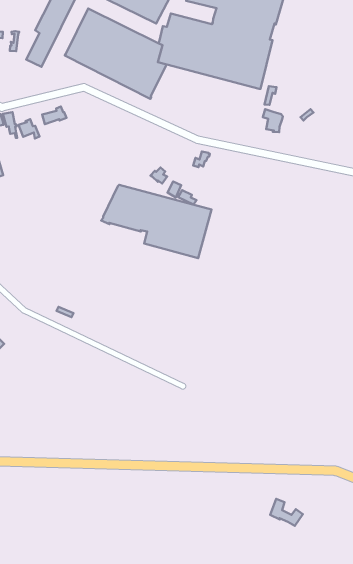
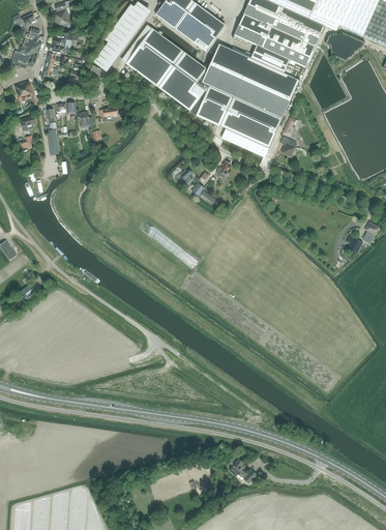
building: [101,185,211,258] -> [189,85,281,156]

